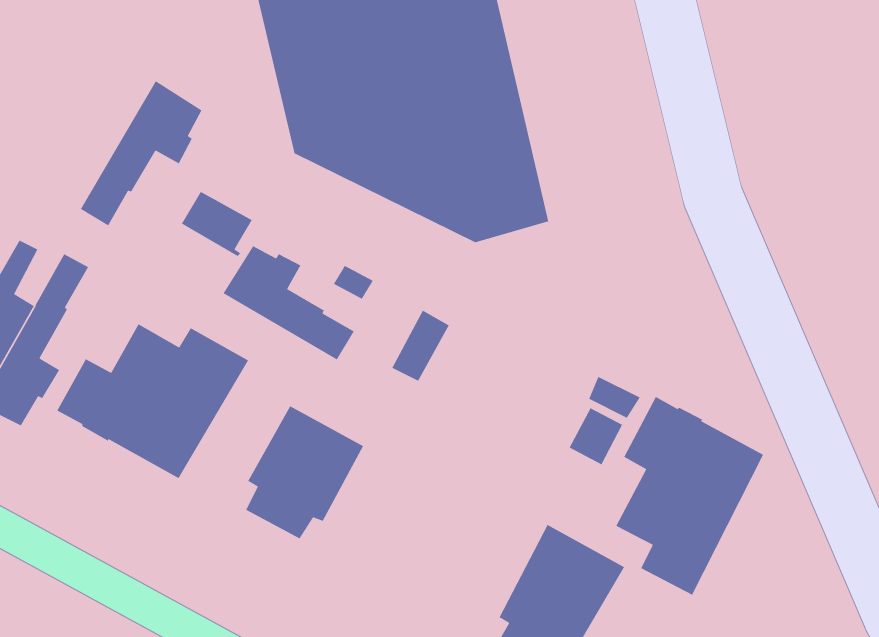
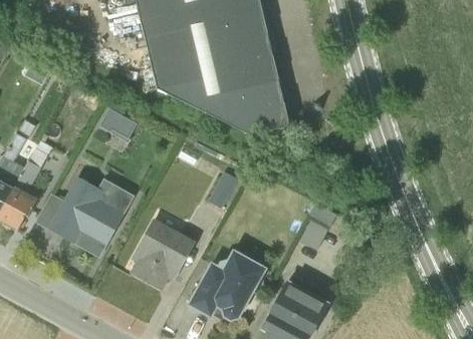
building: [80,80,203,227] -> none
building: [223,245,355,360] -> none
building: [615,396,764,596] -> none
building: none -> [188,248,265,320]

